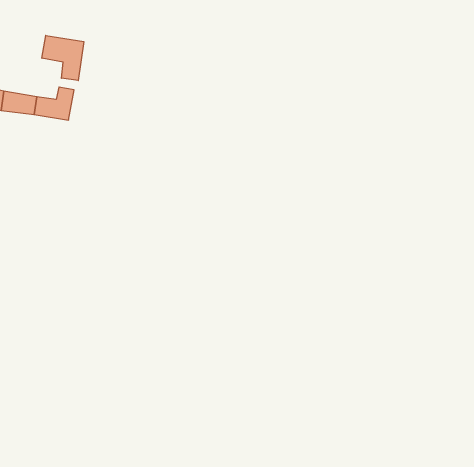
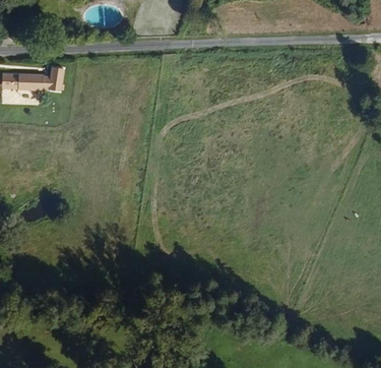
building: [42,35,84,81] -> none

